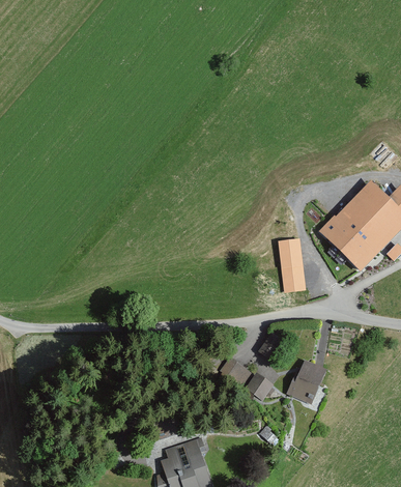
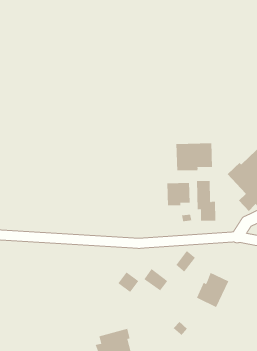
building: none -> [176,143,213,171]
building: none -> [167,182,190,206]
building: [246,373,274,400] -> [117,272,139,293]

